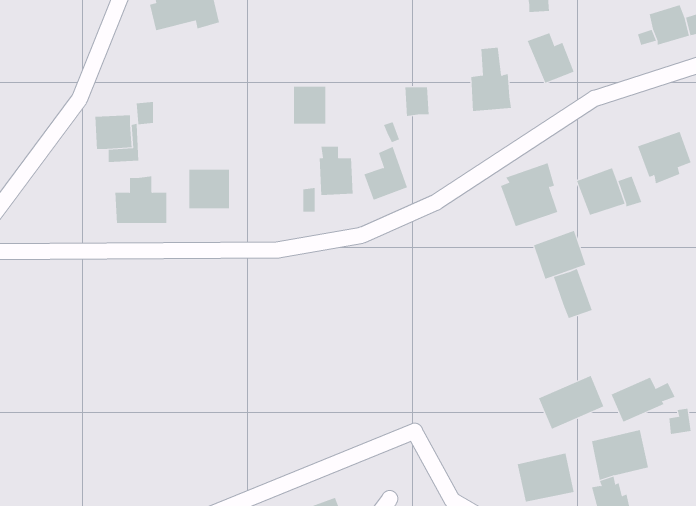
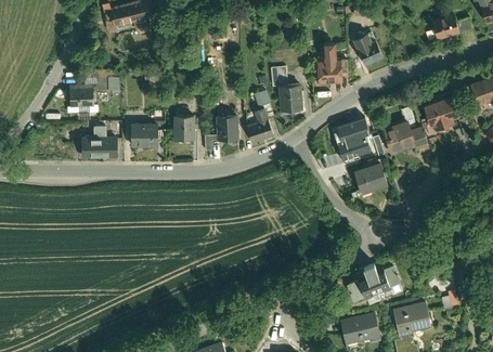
building: [293,86,326,124] -> [170,118,192,143]
building: none -> [278,89,302,117]
building: [553,268,592,319] -> none
building: [611,377,676,423] -> none

